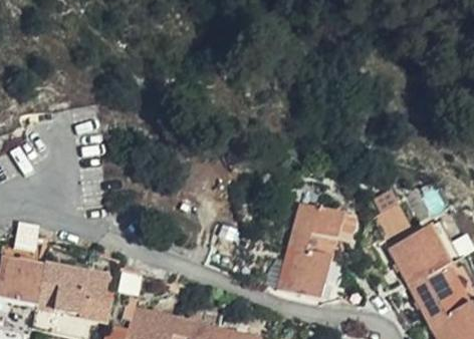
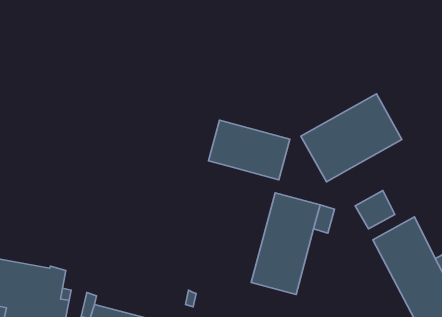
building: none -> [301,94,402,182]
building: none -> [209,120,290,180]

